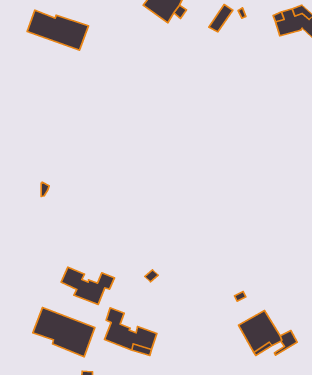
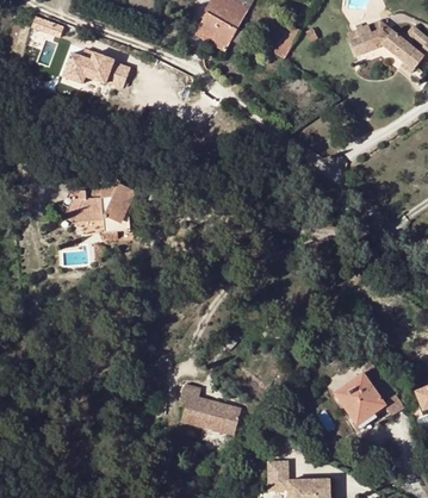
building: none -> [64,183,136,229]
building: [61,267,114,304] -> none
building: [33,307,95,357] -> none

